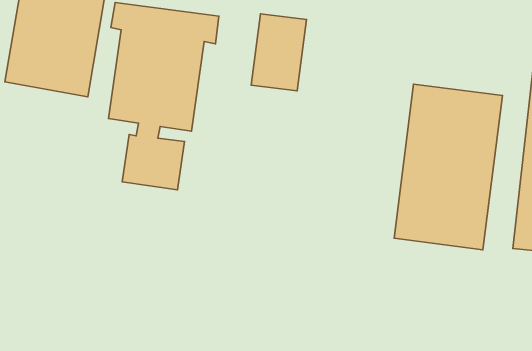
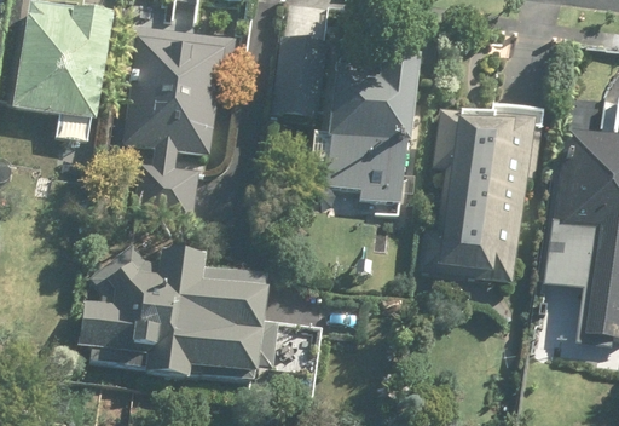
building: none -> [324,42,424,203]
building: none -> [99,259,273,376]

